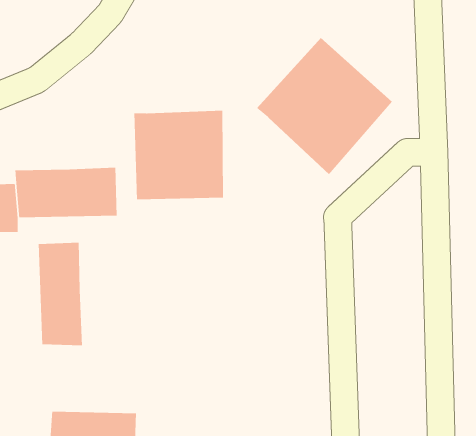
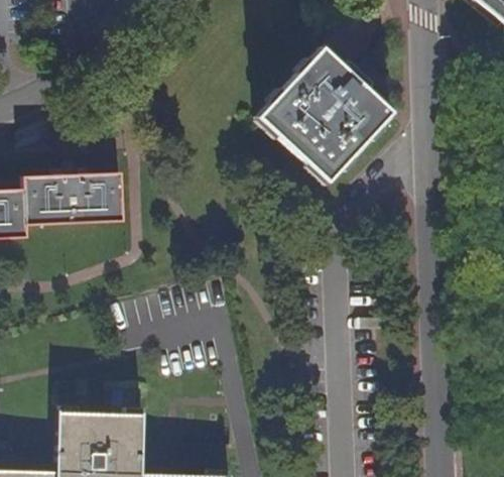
building: [134,110,224,200] -> none
building: [38,242,83,346] -> none

